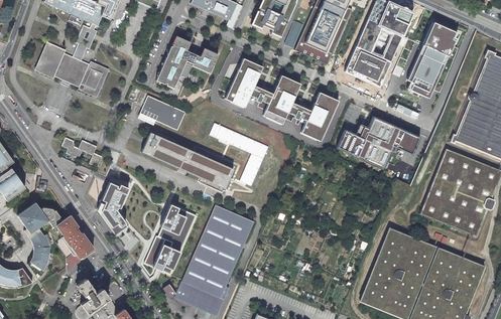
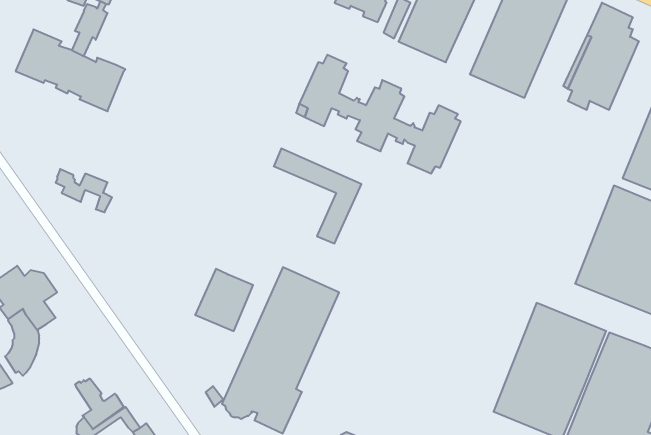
building: [156,38,219,89] -> none
building: [140,96,186,130] -> none
building: [339,117,419,167] -> none
building: [142,132,234,189] -> none
building: [98,181,130,235] -> none
building: [54,214,96,260] -> none
building: [145,235,183,275] -> none

